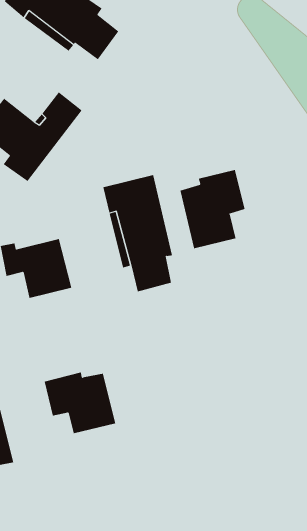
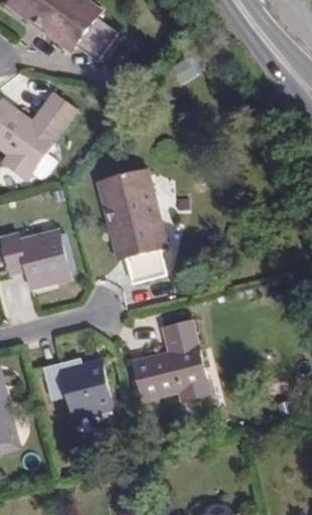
building: [180,169,245,249] -> none
building: none -> [133,320,211,400]

